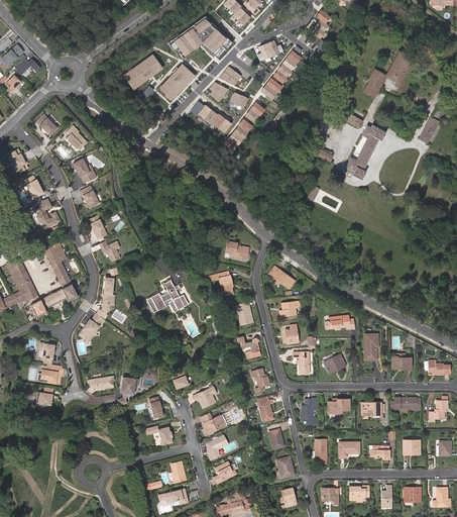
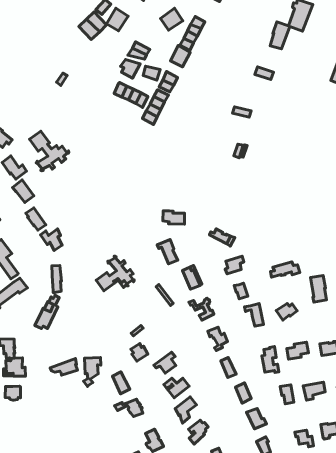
building: [122,53,163,90] -> none
building: [159,64,195,100] -> none
building: [346,125,385,179] -> none
building: none -> [30,131,69,171]

